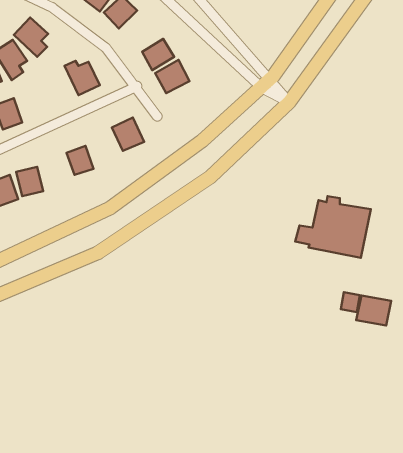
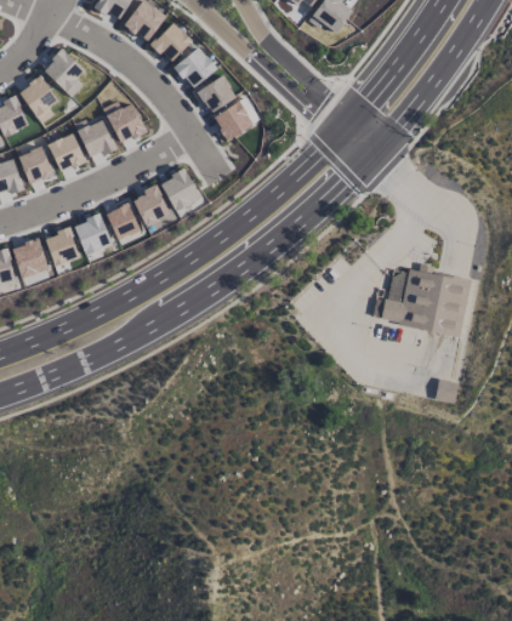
building: none -> [173,47,216,87]
building: none -> [78,120,114,158]
building: none -> [47,133,85,172]
building: none -> [133,184,169,226]
building: none -> [73,215,110,255]
building: [356,296,391,325] -> none

